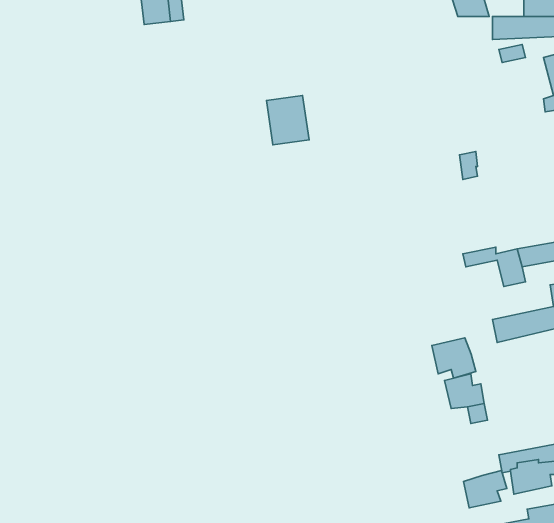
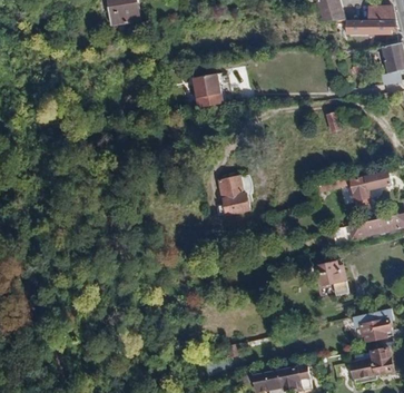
building: none -> [213,170,244,209]
building: [432,338,476,378] -> none
building: [464,471,507,508] -> none

